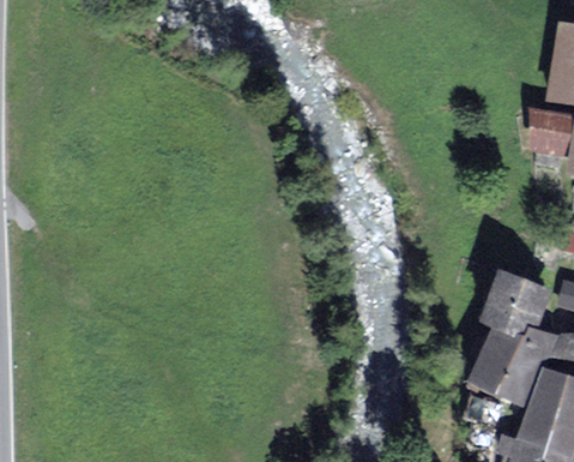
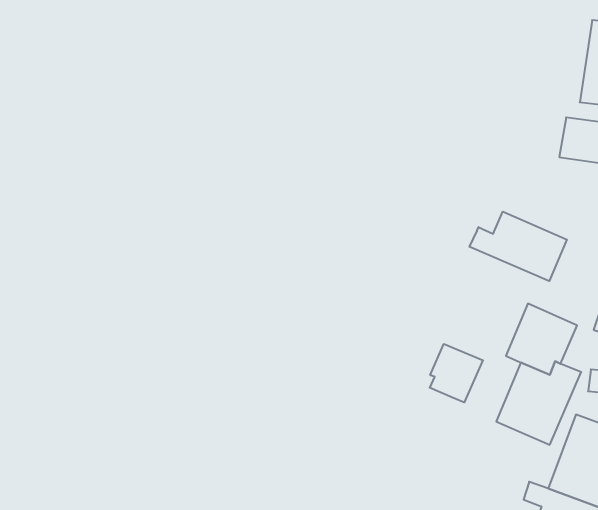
building: none -> [470,212,567,281]
building: none -> [430,344,483,402]

